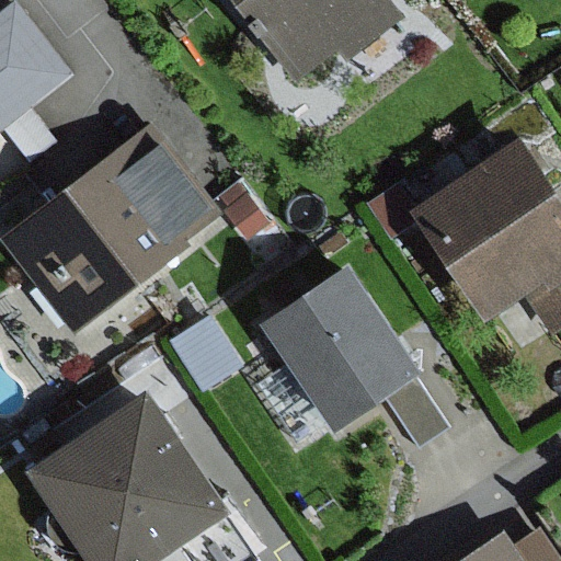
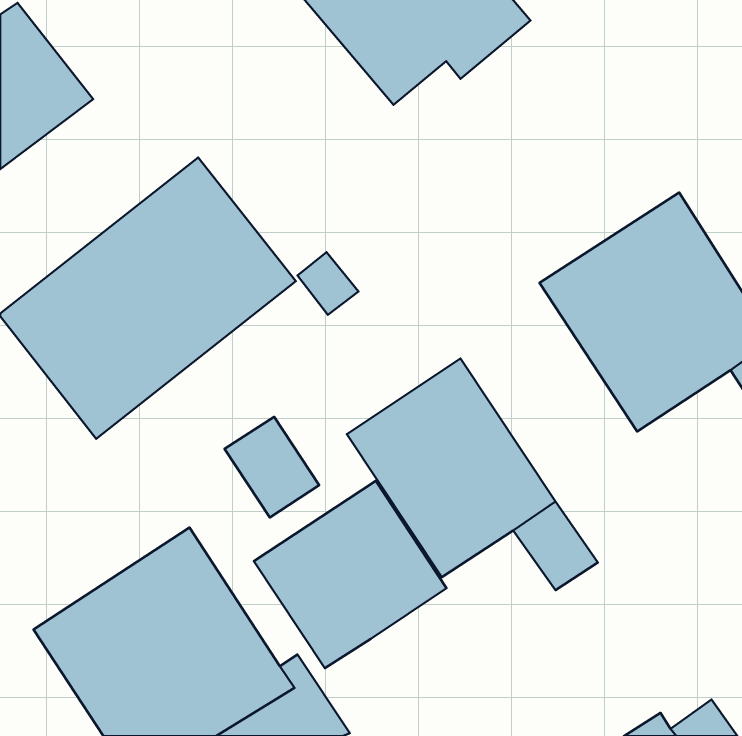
building: none -> [254,481,447,668]

